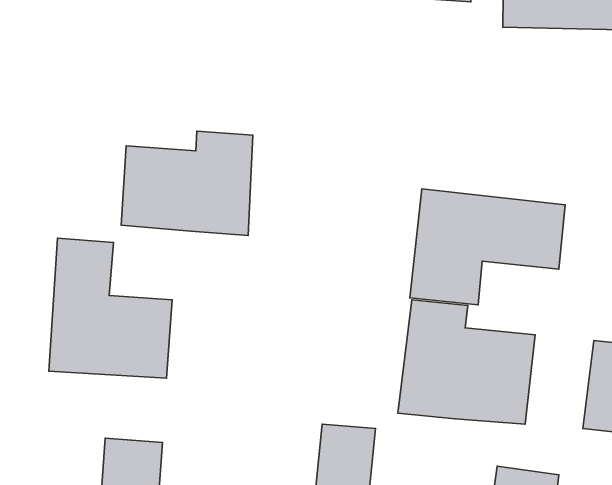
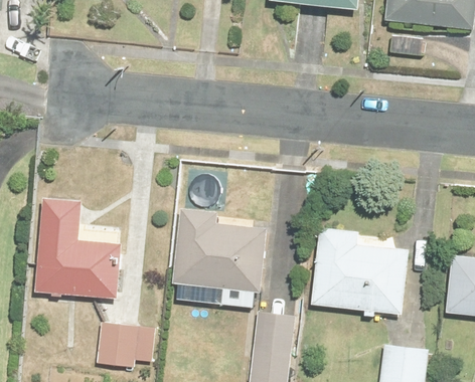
building: [121,131,253,236] -> none
building: [410,189,565,305] -> none
building: none -> [162,215,250,297]

